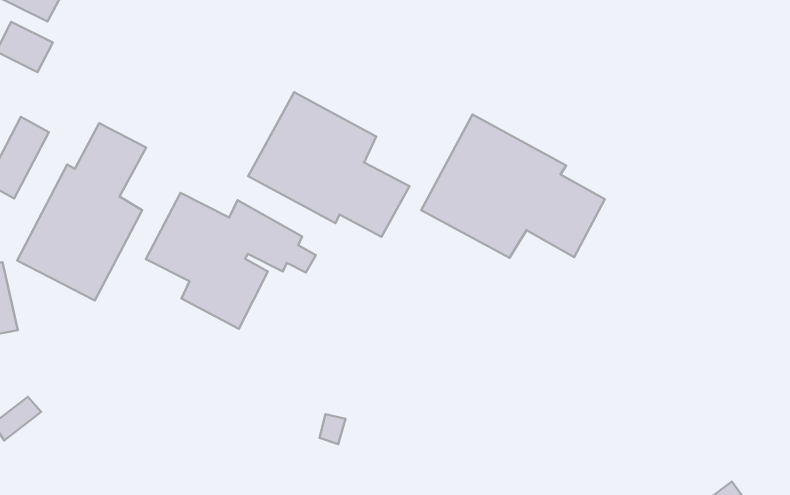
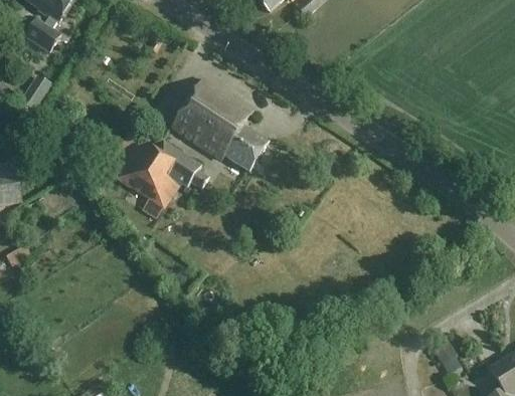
building: [421,115,605,258] -> none
building: [17,123,146,301] -> none

